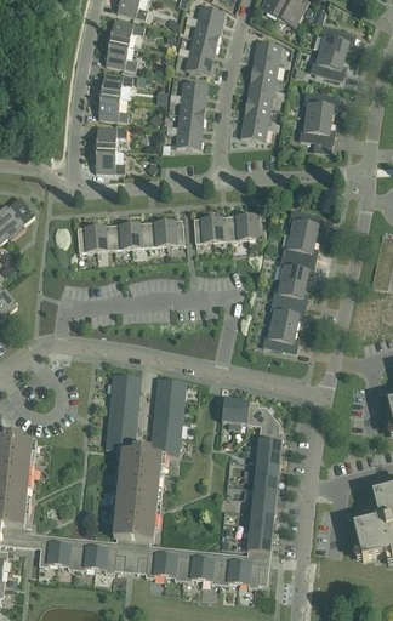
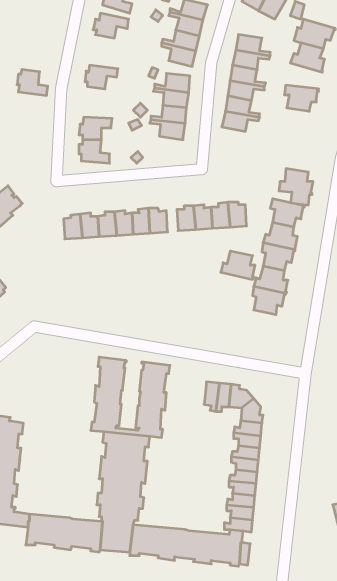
building: [103,41,136,70] -> none
building: [96,95,127,121] -> [17,69,48,95]
building: [298,116,334,154] -> [279,169,313,205]
building: [262,324,297,353] -> [221,251,255,279]

